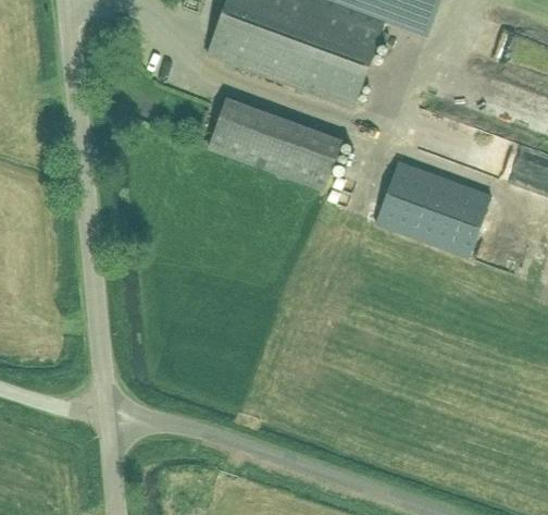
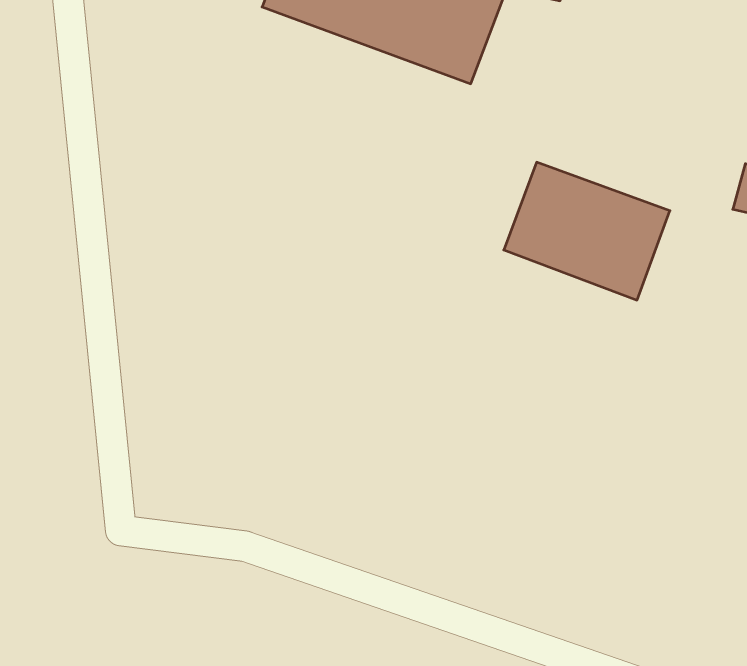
building: [209,98,341,189] -> none

